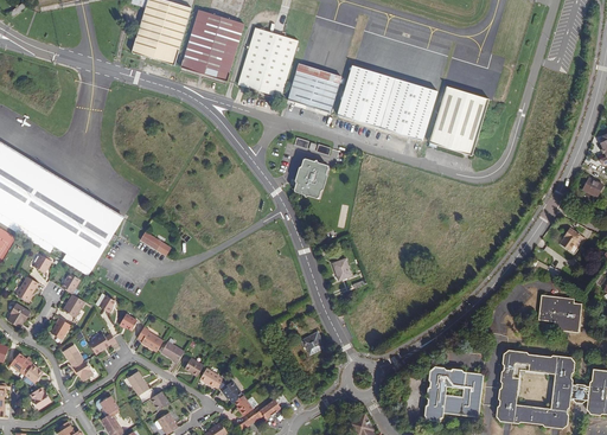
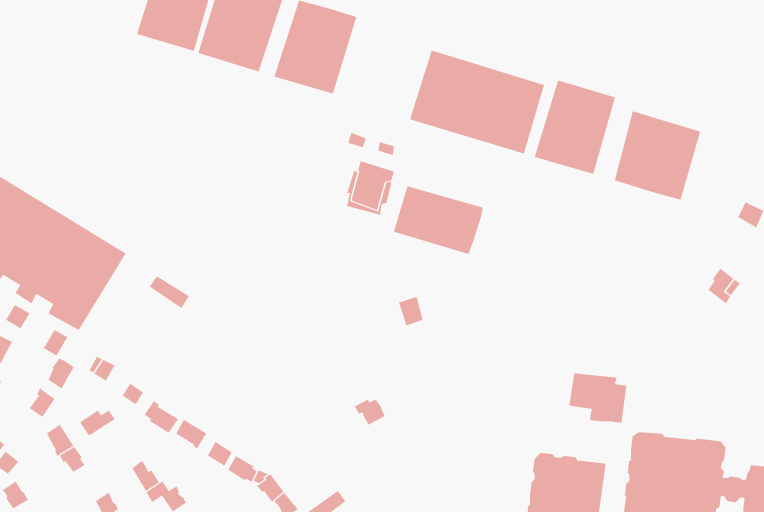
building: [286,62,340,111] -> none
building: none -> [614,111,701,201]
building: none -> [393,185,484,255]
building: [537,294,581,332] -> [569,373,627,423]

